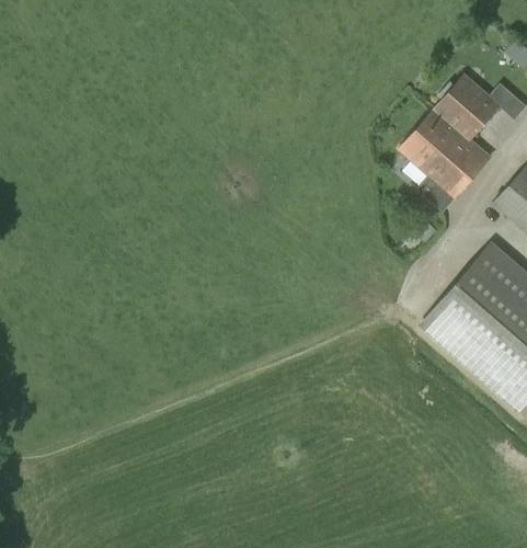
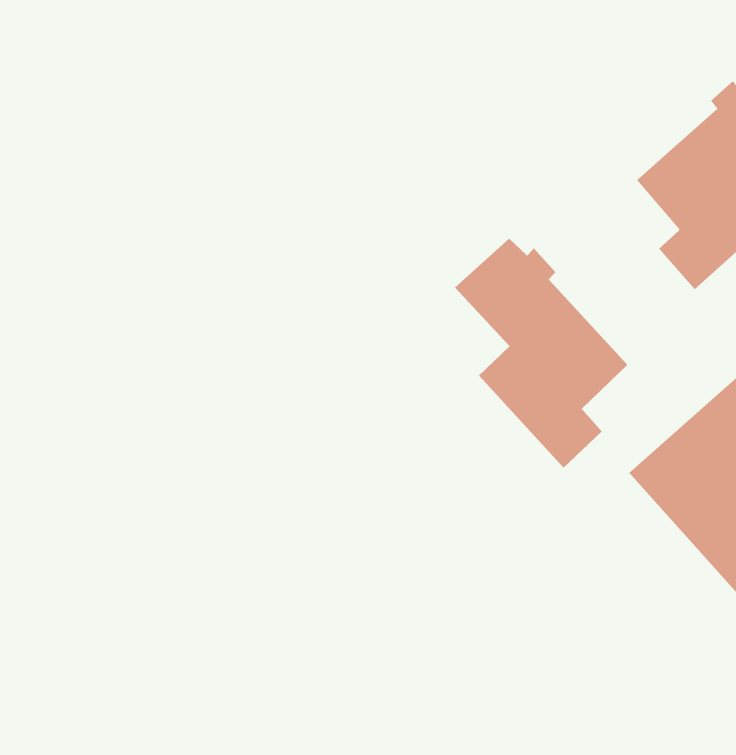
building: none -> [454,238,628,468]

